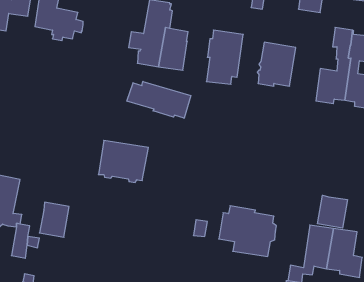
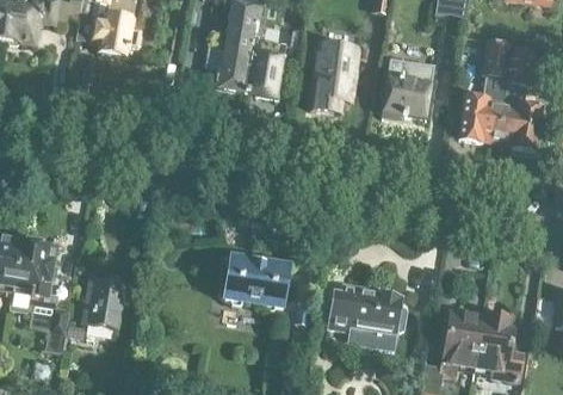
building: [127,81,191,118] -> none
building: [98,140,148,182] -> [222,254,290,311]
building: [318,195,347,228] -> none

